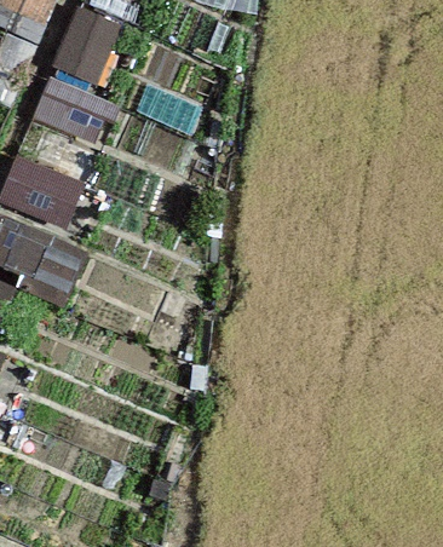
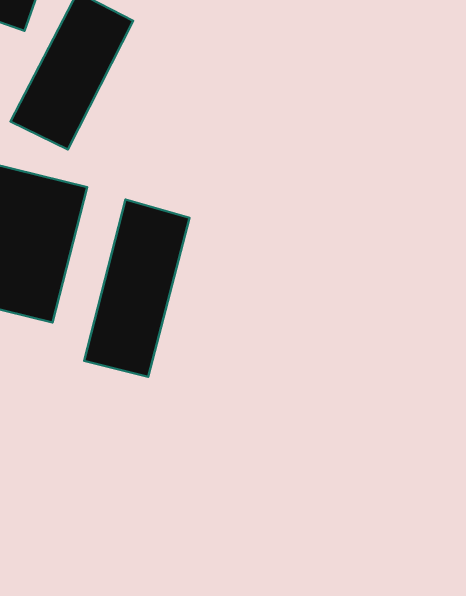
building: none -> [84,200,190,377]

